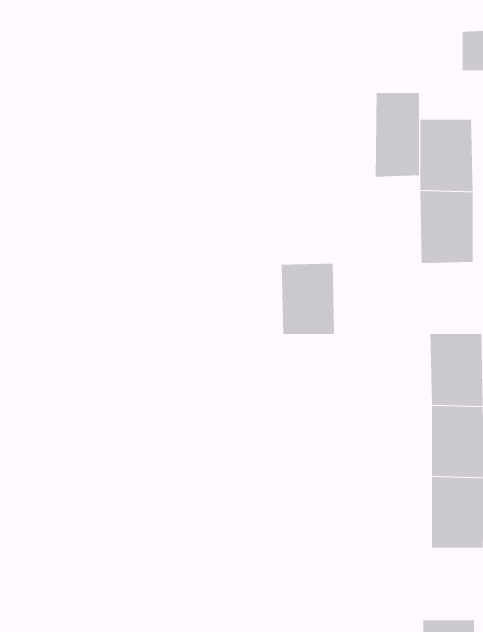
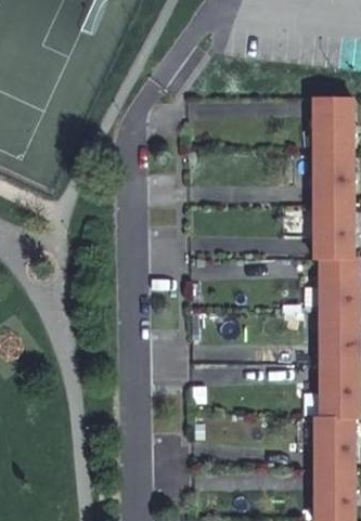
building: [375,92,419,178] -> none
building: [281,263,335,335] -> [313,205,353,258]
building: none -> [314,417,354,470]

